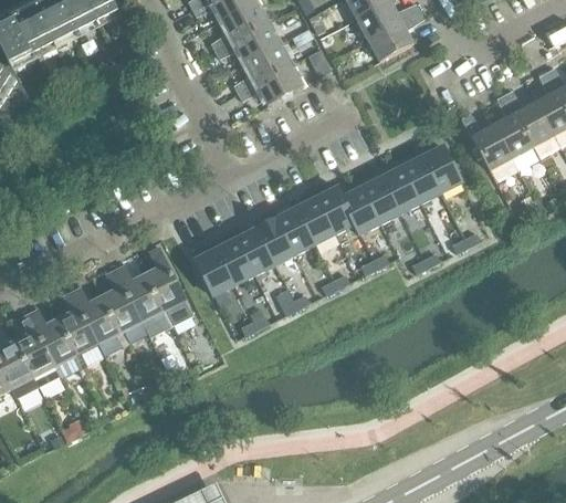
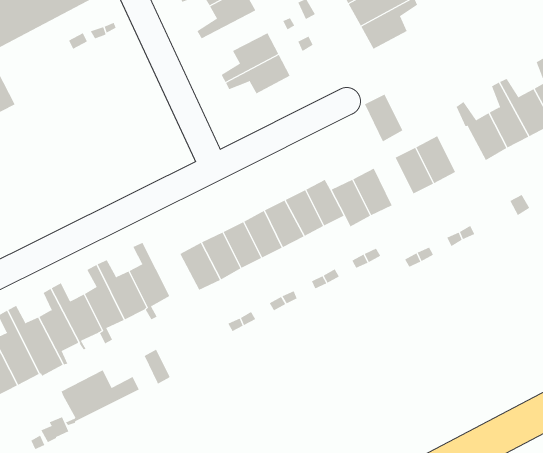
building: [216,24,280,63] -> none
building: [382,166,420,212] -> [364,94,403,142]
building: none -> [61,369,139,426]

